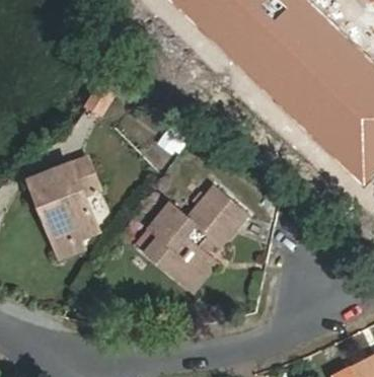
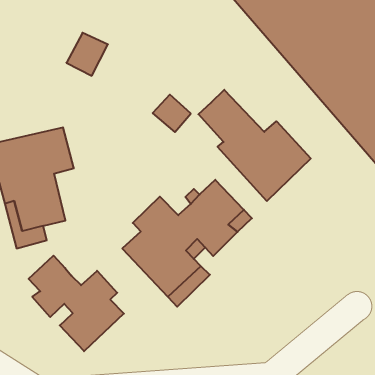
building: none -> [198,90,311,201]
building: none -> [29,256,124,351]

